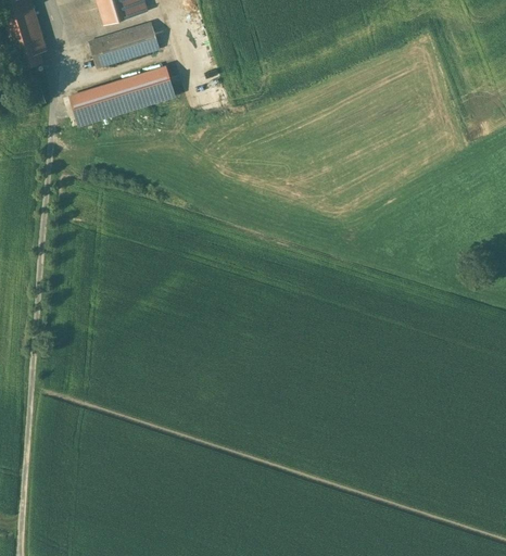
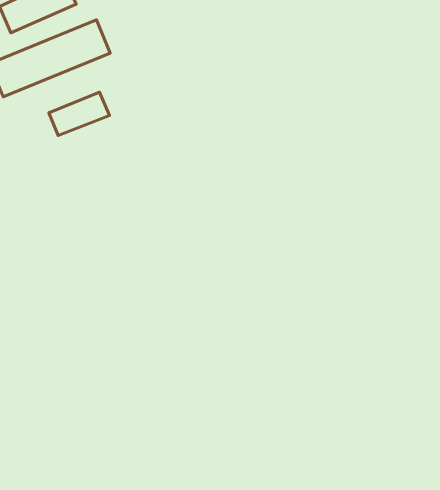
building: none -> [49,92,109,135]

